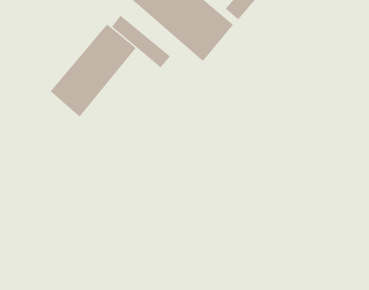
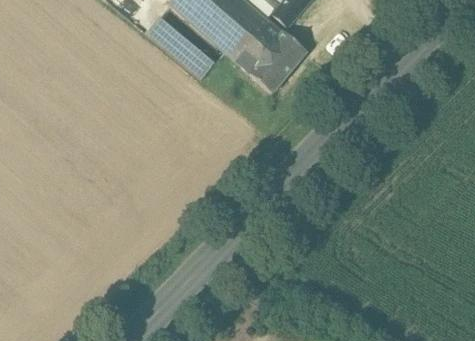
building: [50,24,137,117] -> none
building: none -> [248,32,307,94]

